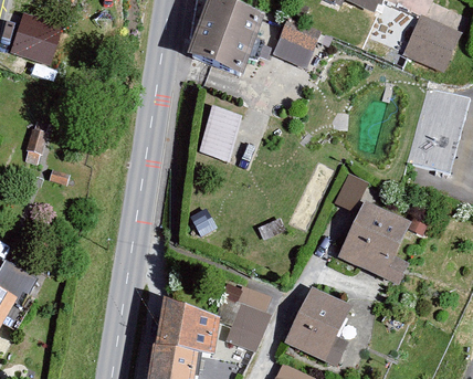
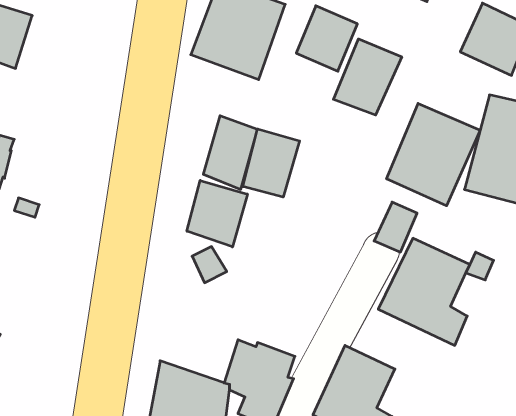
building: none -> [333,39,402,115]
building: none -> [387,103,480,206]
building: none -> [243,129,300,197]
building: none -> [187,180,247,247]

